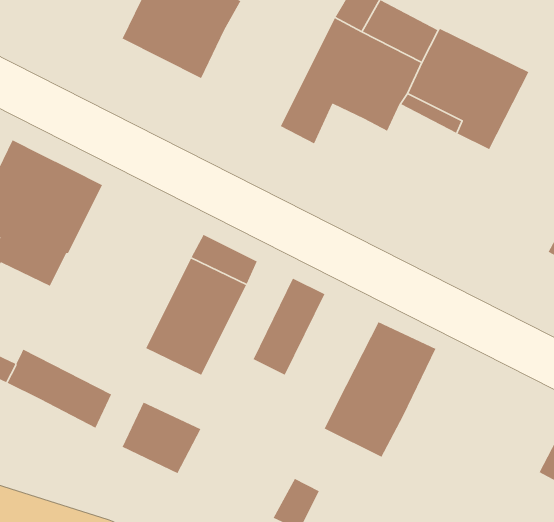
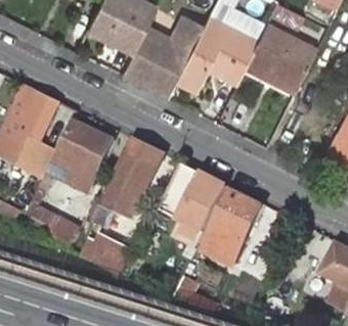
building: none -> [122,15,204,99]
building: none -> [48,123,116,193]
building: none -> [180,174,230,233]

